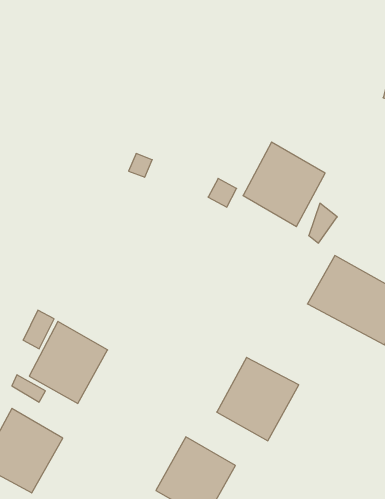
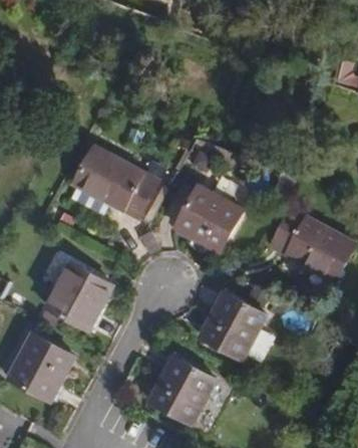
building: [243,142,325,227] -> [176,184,243,252]
building: none -> [76,146,160,220]

